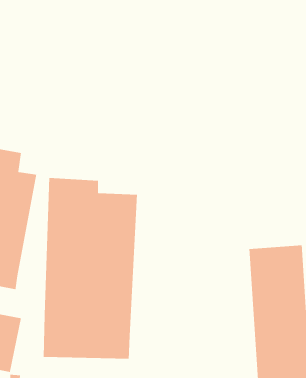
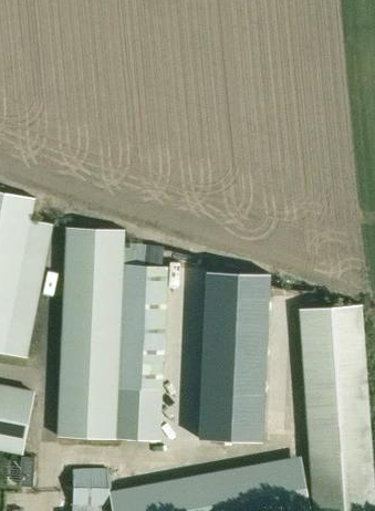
building: none -> [199,272,271,442]

